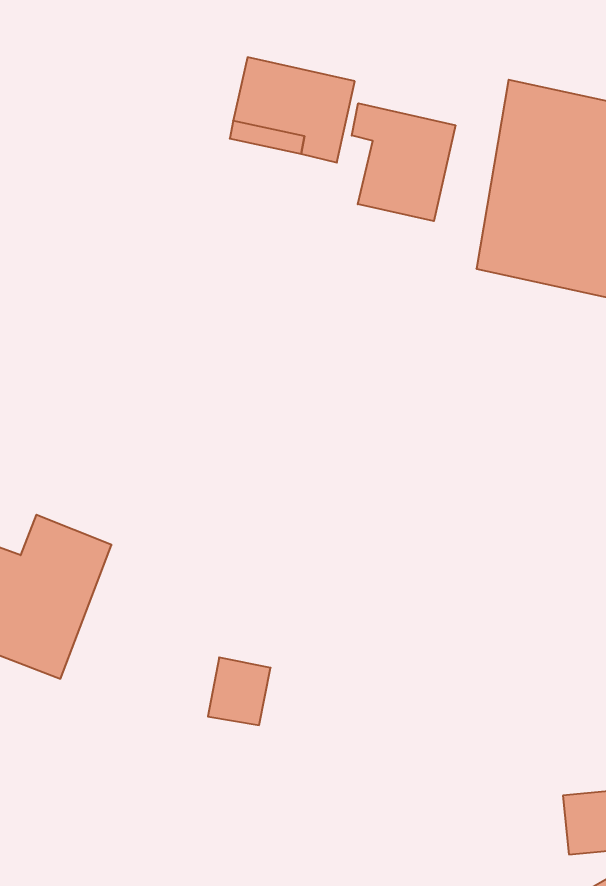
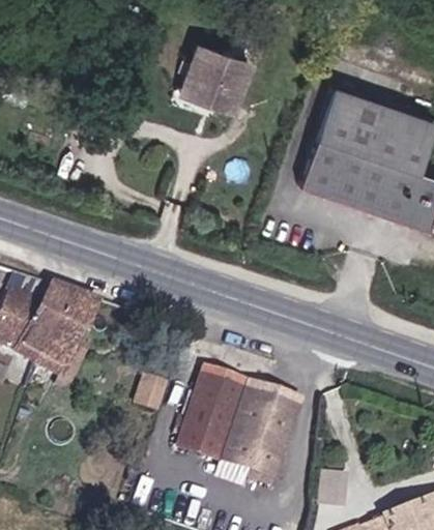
building: [352,103,455,221] -> none
building: none -> [175,372,296,479]

